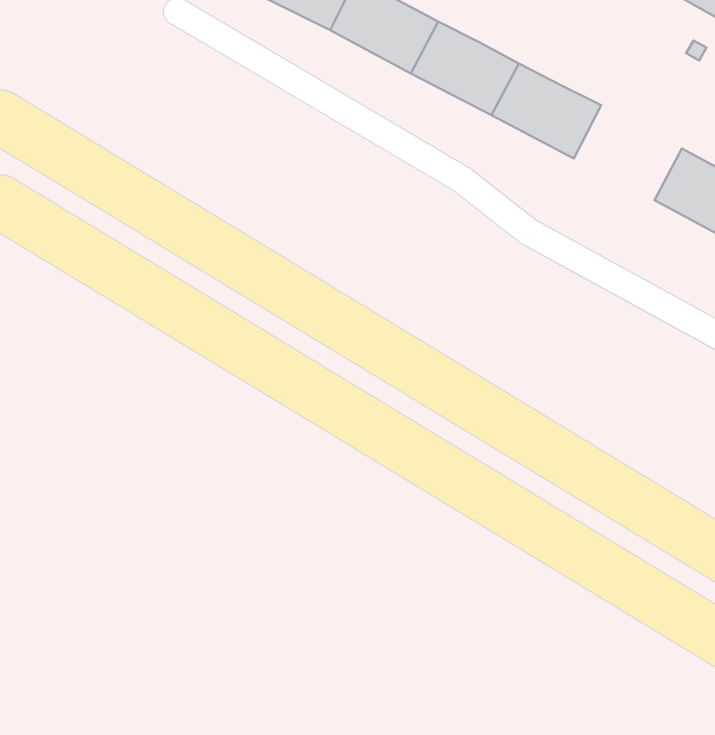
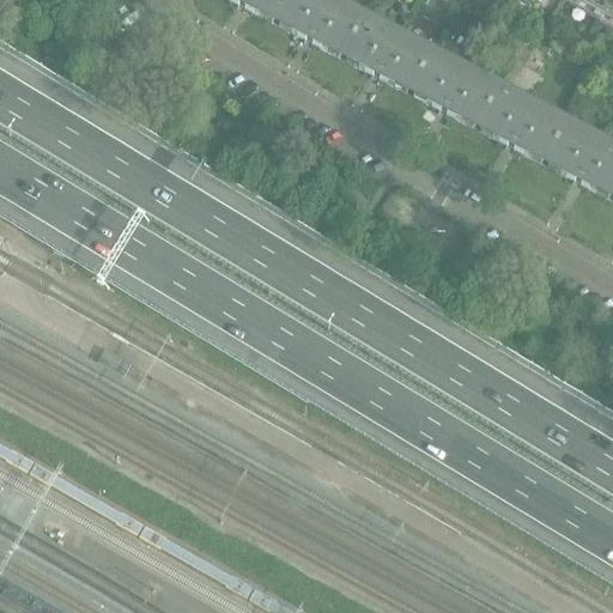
building: none -> [494,87,584,166]

